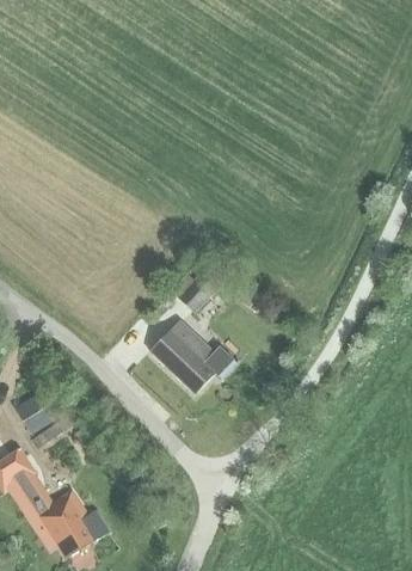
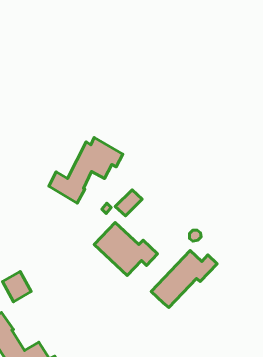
building: none -> [49,138,123,203]
building: none -> [151,250,217,308]

